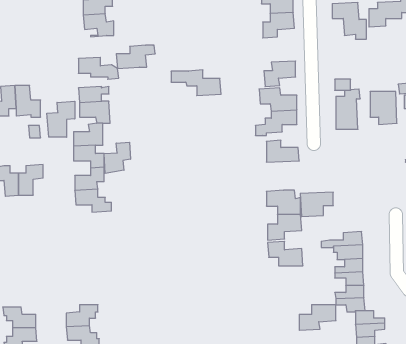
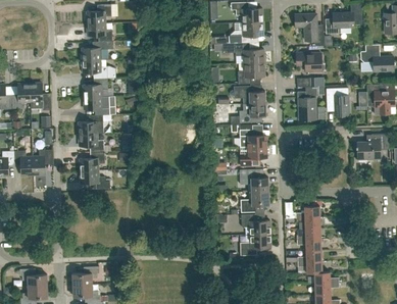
building: [116,45,155,68] -> [82,42,114,61]
building: none -> [296,53,321,71]
building: [171,70,221,96] -> [222,43,264,64]
building: [47,101,75,137] -> none
building: [104,142,130,173] -> none
building: [300,192,333,217] -> [240,147,267,167]
building: [299,305,336,330] -> [240,235,270,256]

